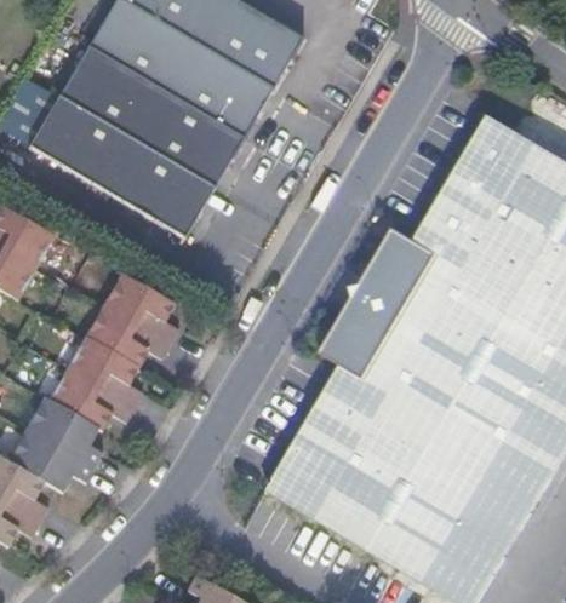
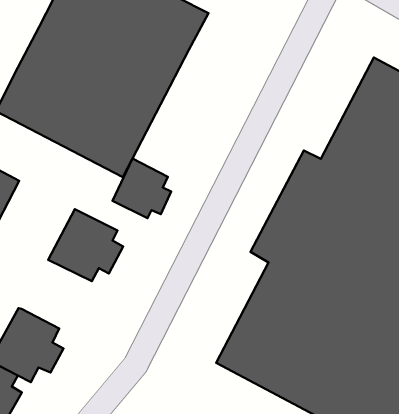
building: none -> [112,159,171,218]
building: [39,341,135,432] -> none

